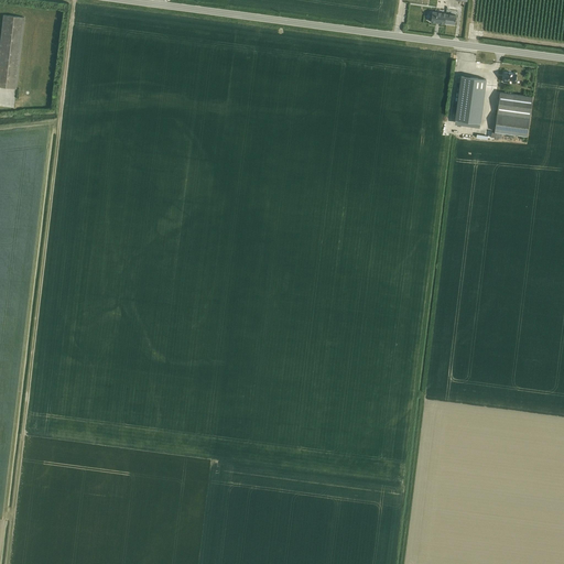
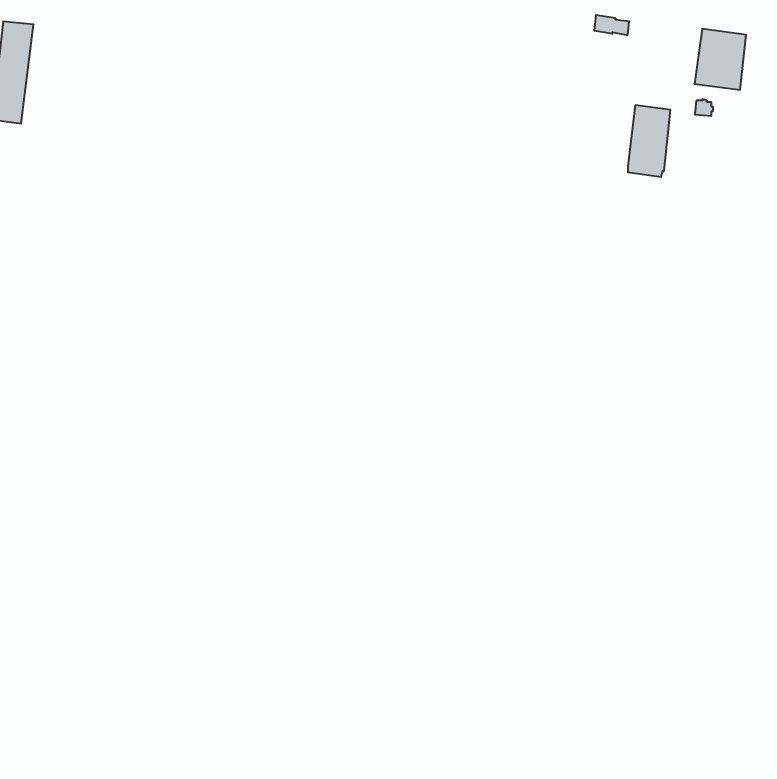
building: [494,93,531,137] -> [694,29,746,90]

